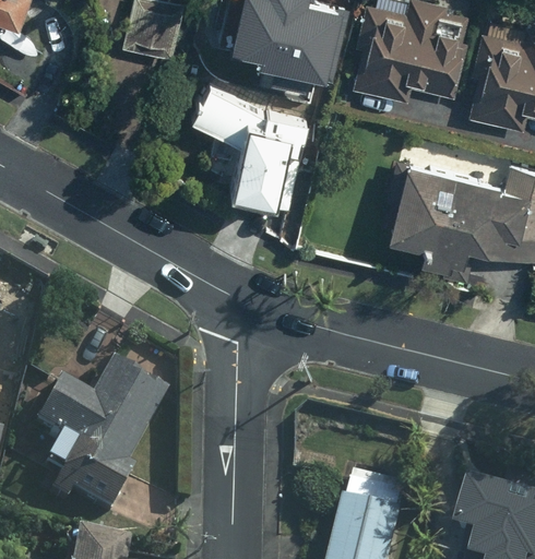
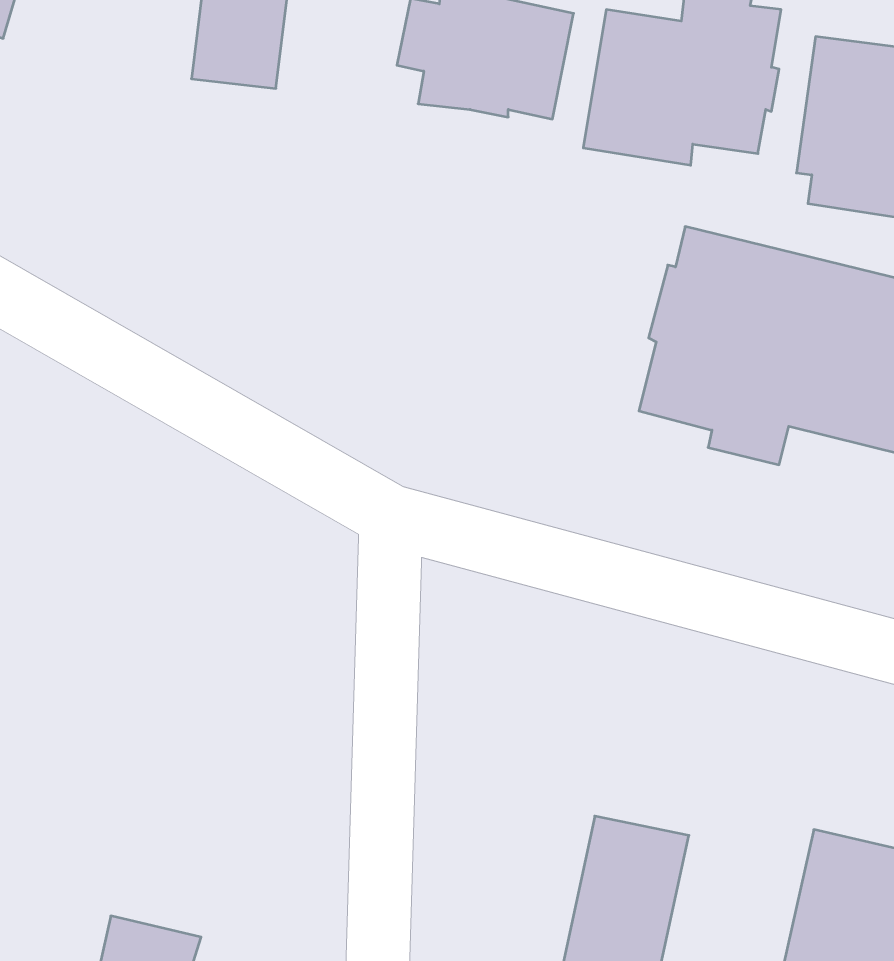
building: [189,91,302,210] -> none
building: [36,366,167,514] -> none

